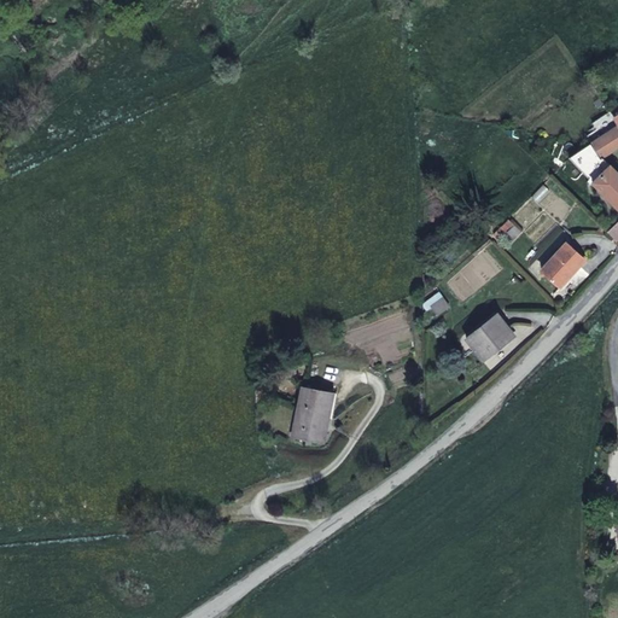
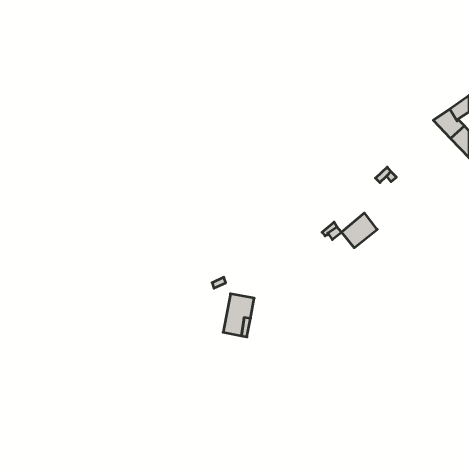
building: [542,243,585,287] -> none
building: [467,314,514,360] -> [341,213,377,248]

